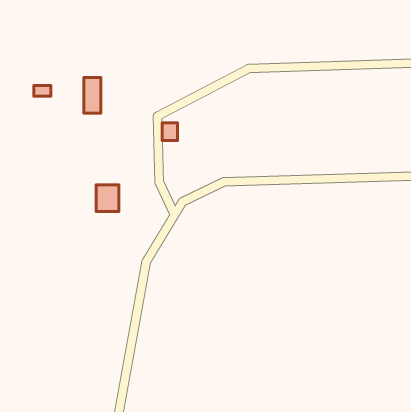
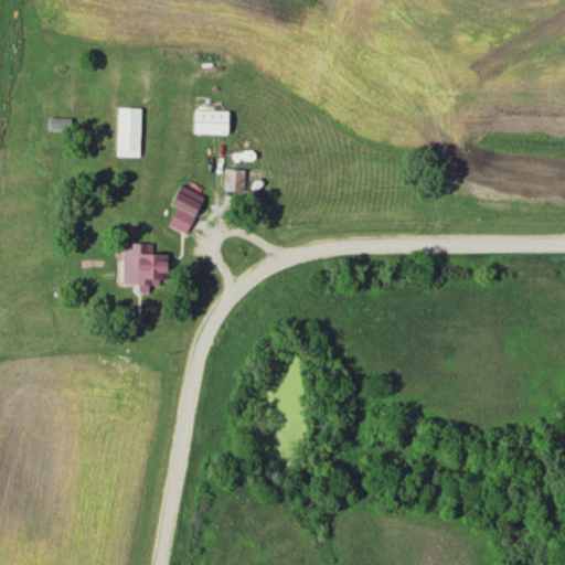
building: none -> [192,110,230,135]
building: none -> [167,184,205,234]

